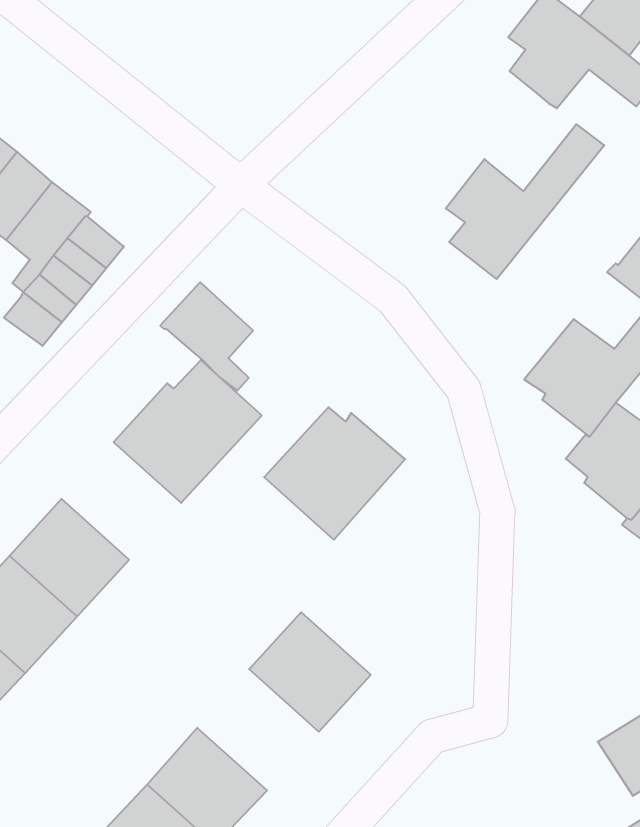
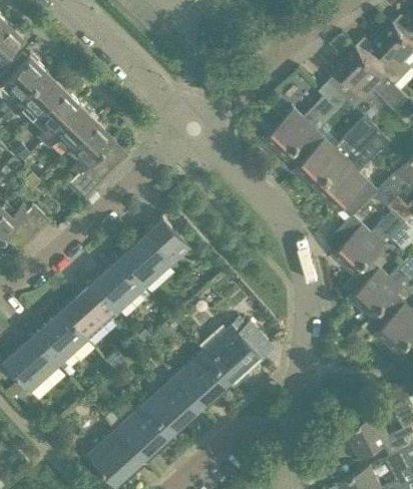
building: none -> [264,82,346,161]
building: none -> [316,130,389,218]
building: [160,282,253,391] -> none
building: [264,407,405,540] -> [200,318,273,385]
building: none -> [85,255,145,315]
building: none -> [142,376,203,438]

